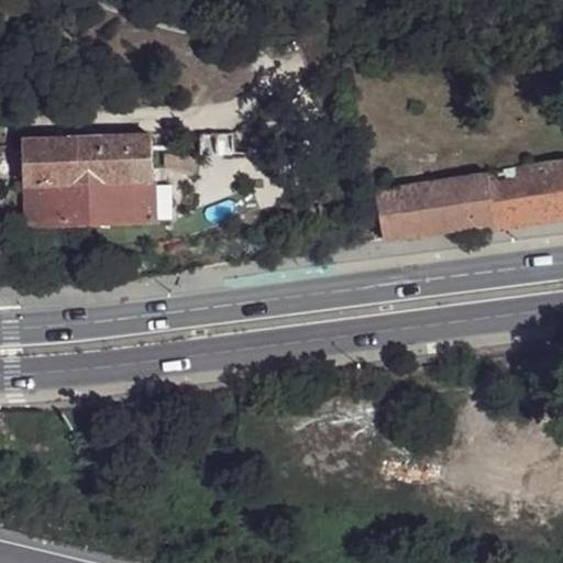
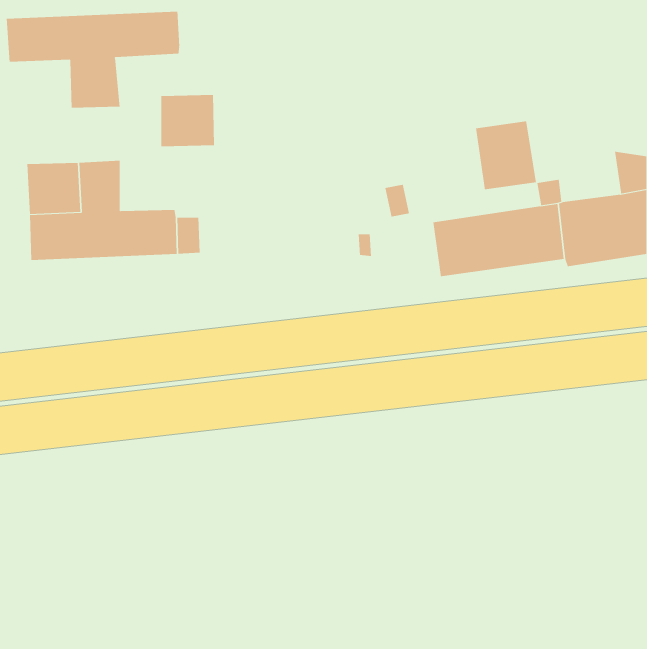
building: none -> [6,11,180,109]
building: none -> [476,121,537,190]
building: [104,137,152,183] -> [160,95,215,147]

